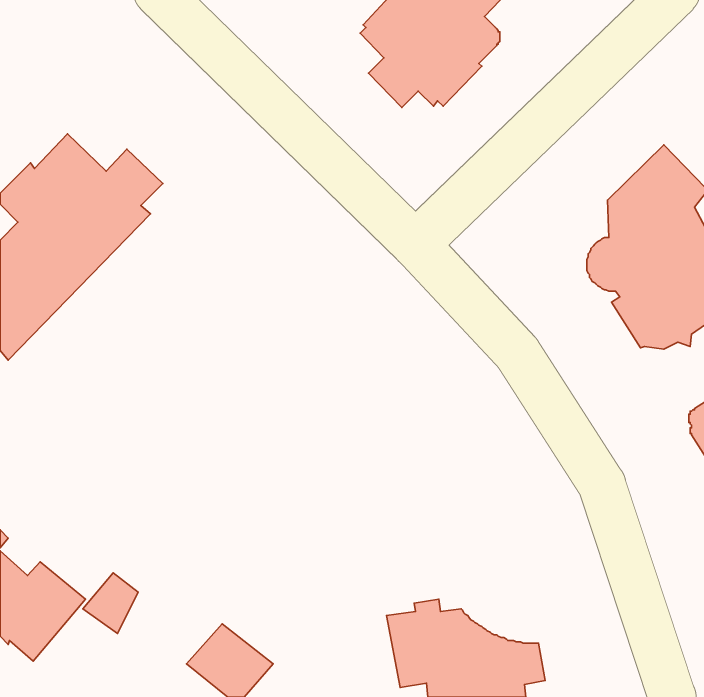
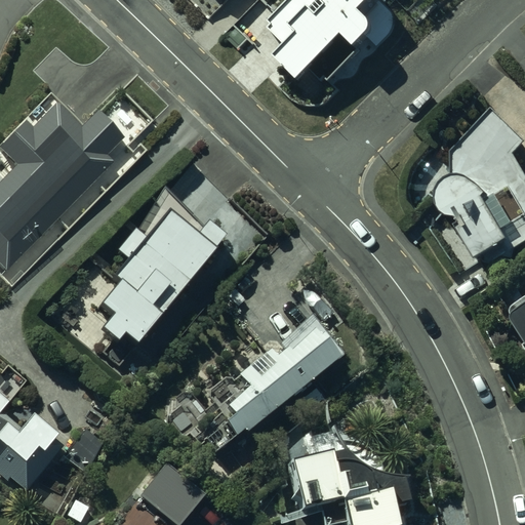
building: none -> [97,213,220,346]
building: none -> [224,329,337,436]

